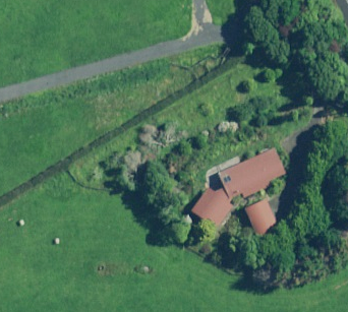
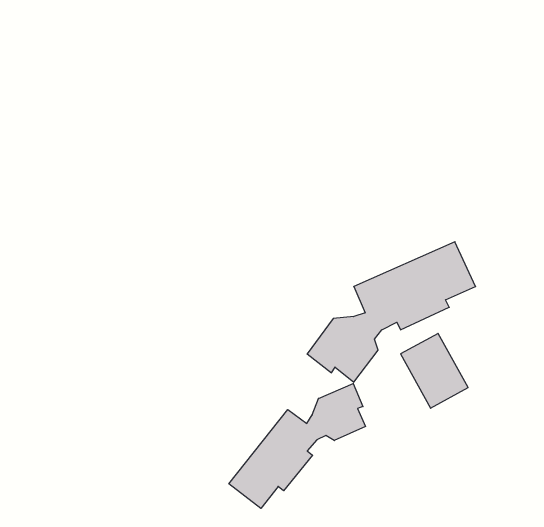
building: none -> [229,383,366,508]

